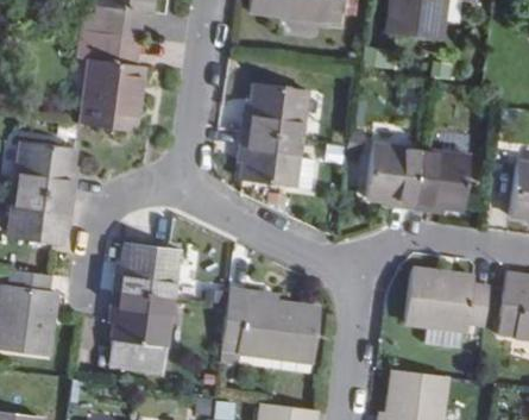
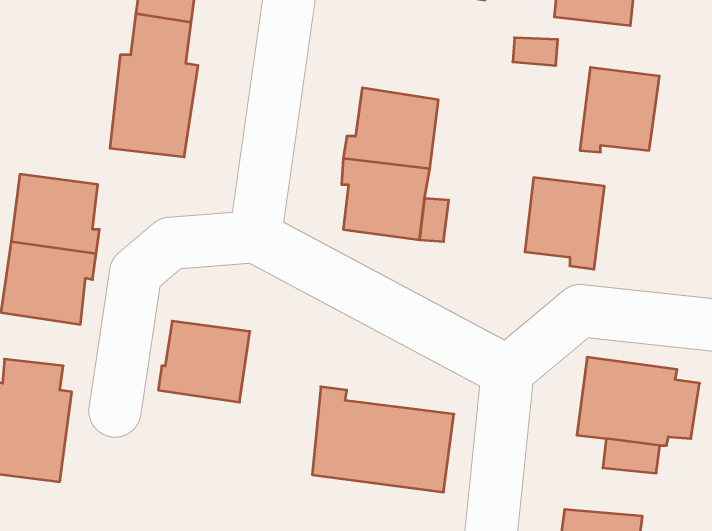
building: [415,150,470,208] -> [580,67,659,152]
building: [109,290,171,372] -> none

